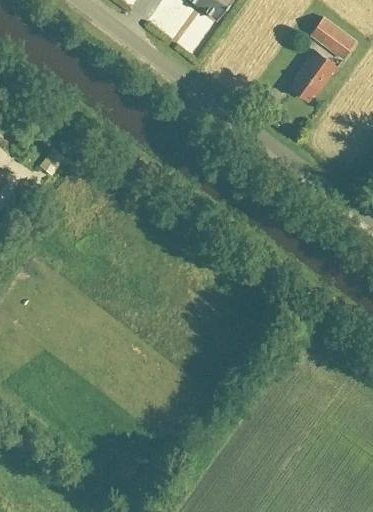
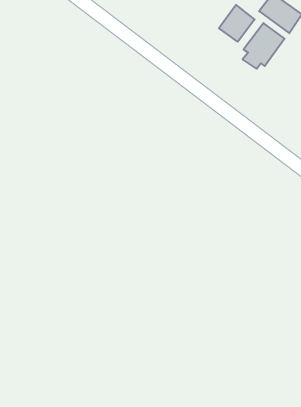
building: none -> [219,5,255,42]

